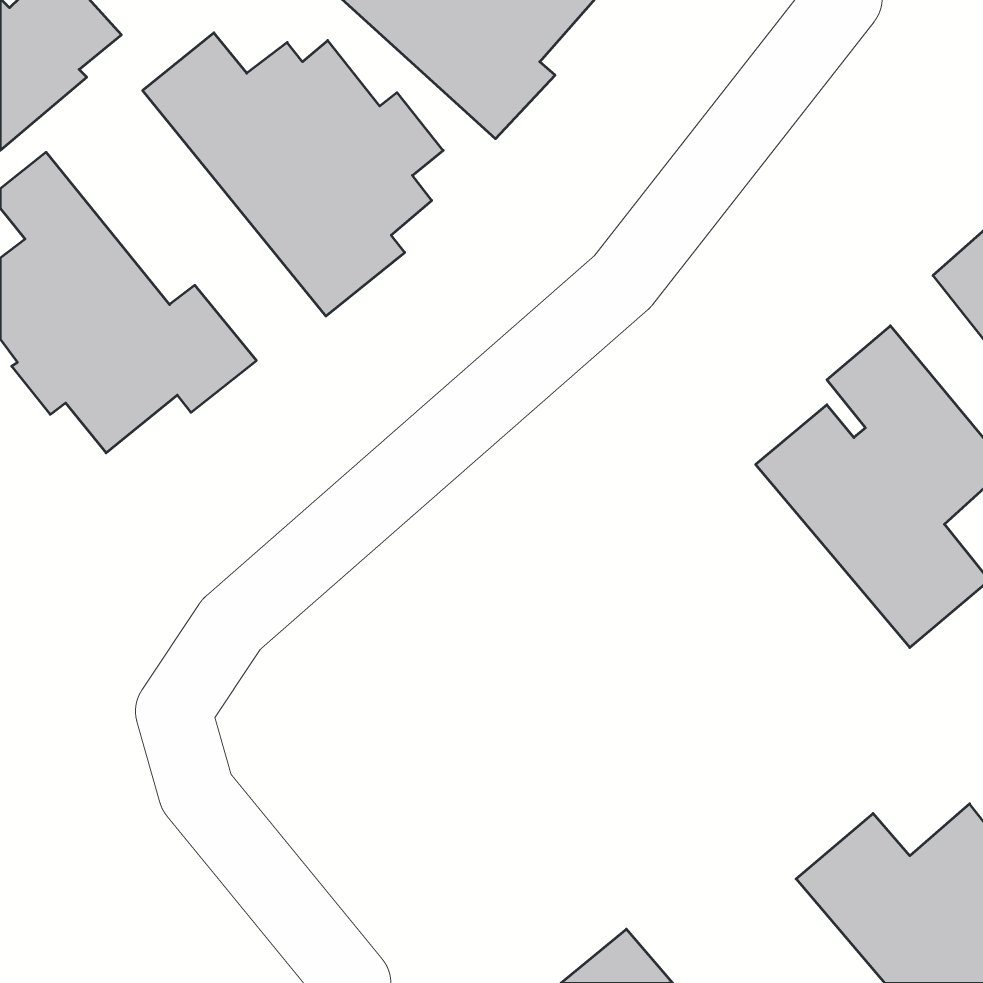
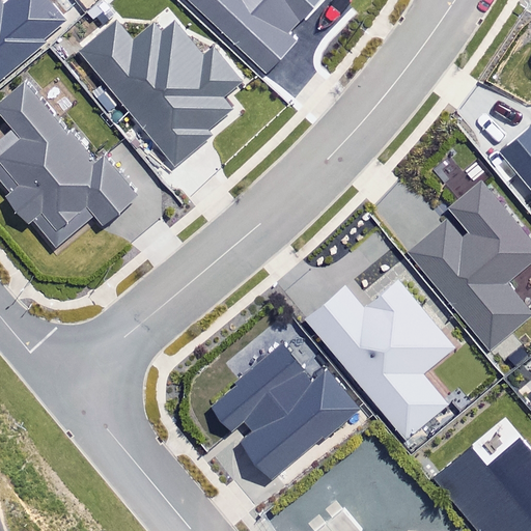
building: none -> [302,280,453,441]
building: none -> [206,345,361,476]

